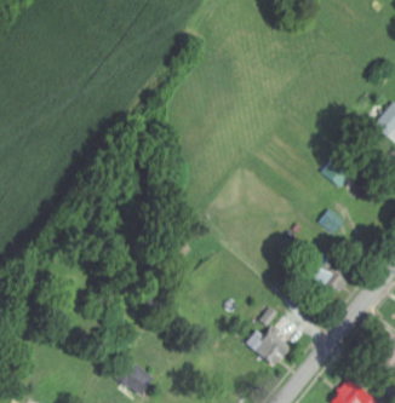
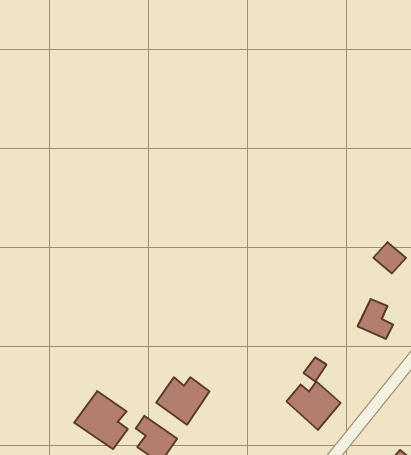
building: none -> [156,377,209,425]
building: none -> [74,391,128,449]

